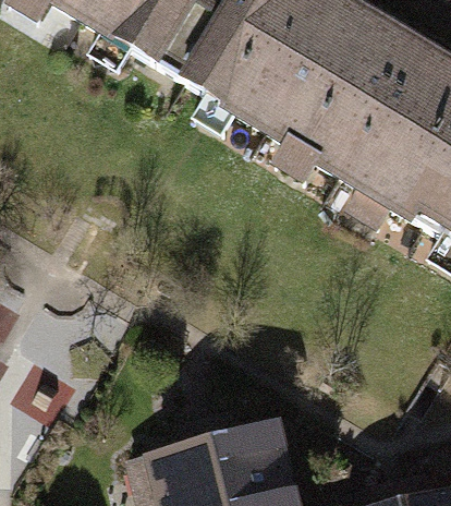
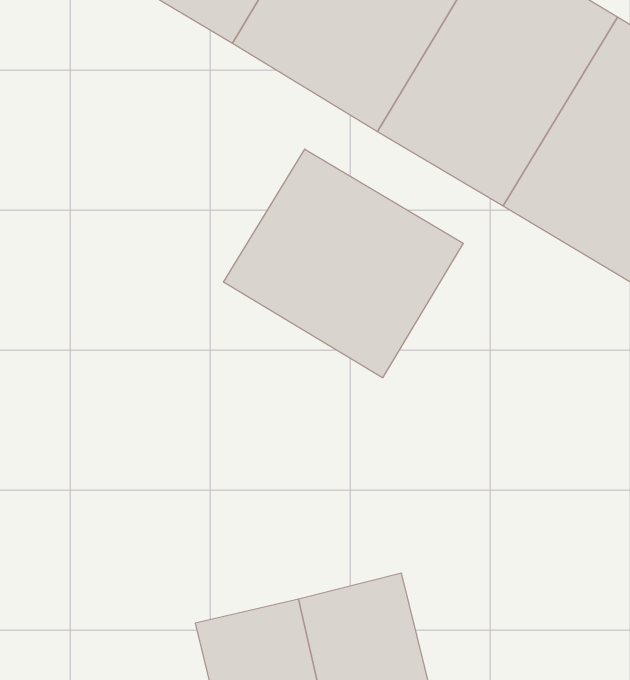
building: none -> [224,149,463,378]

